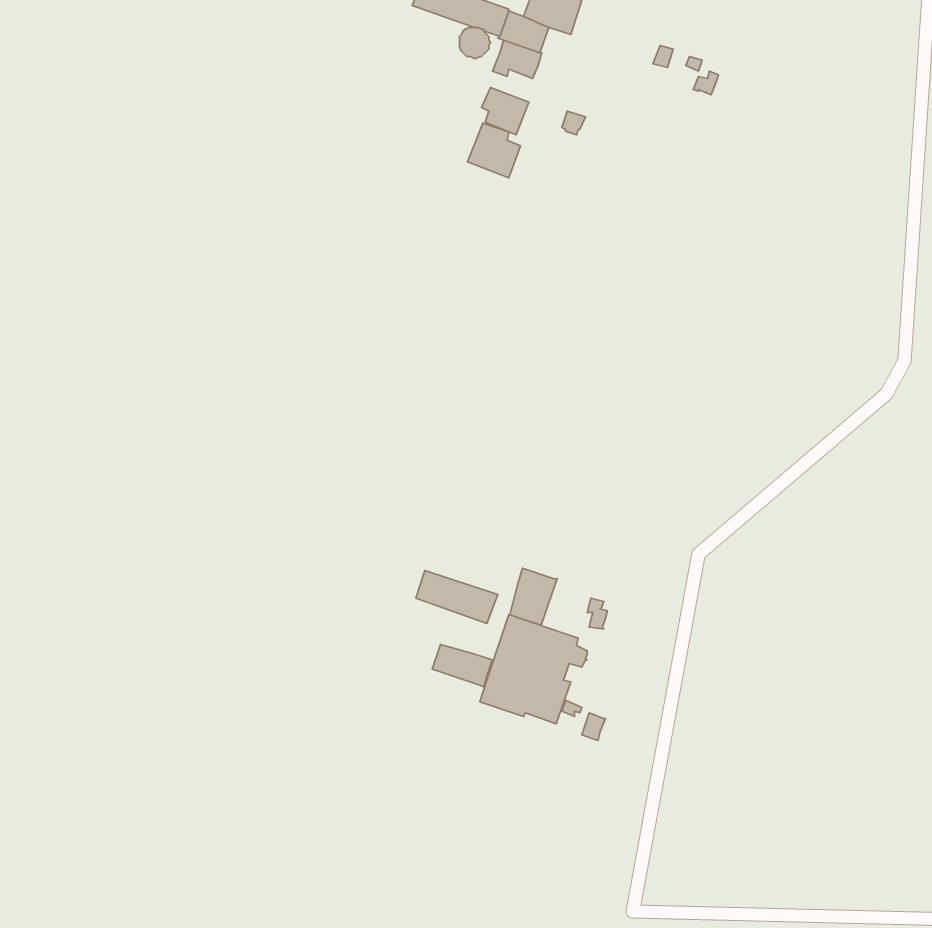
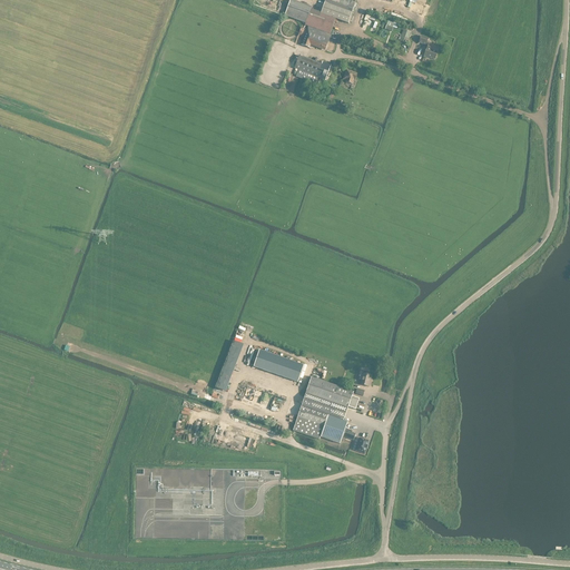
building: [468,123,520,178] -> none
building: [510,568,557,625] -> none
building: [432,644,492,687] -> none

